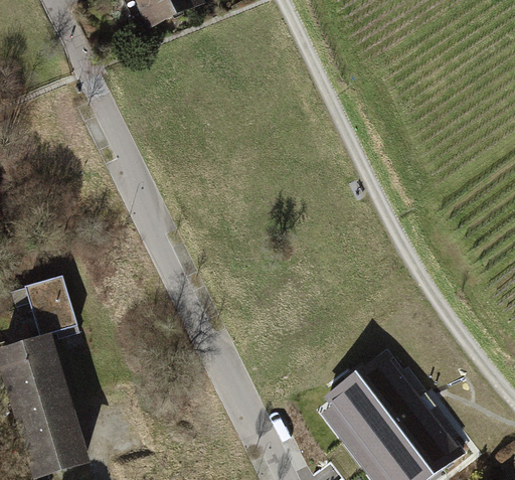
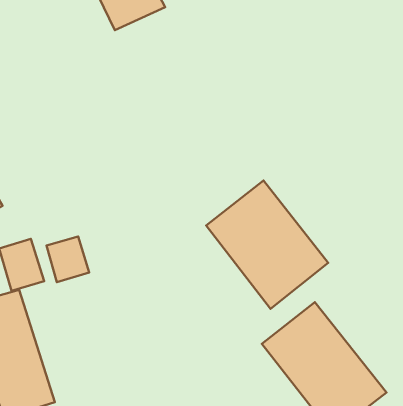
building: none -> [206,180,328,309]
building: none -> [47,236,89,282]

